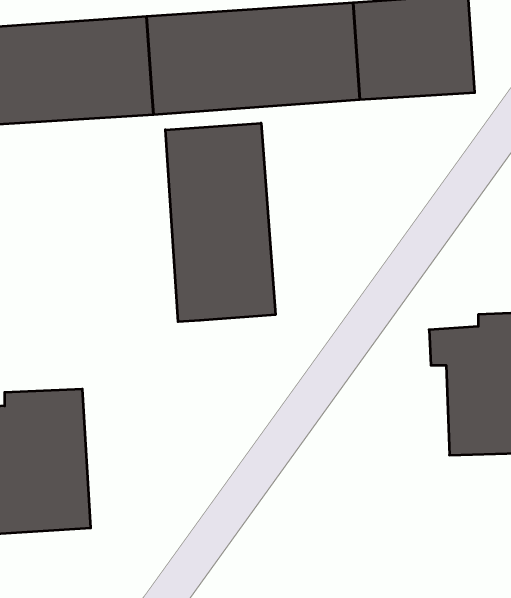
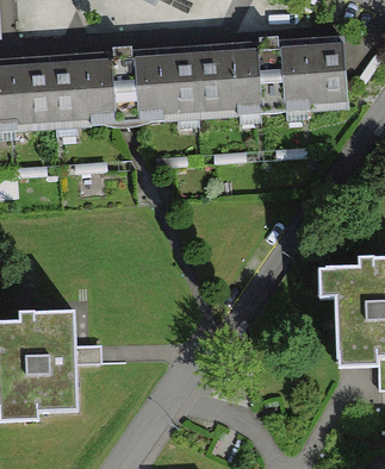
building: [165,123,275,322] -> none

